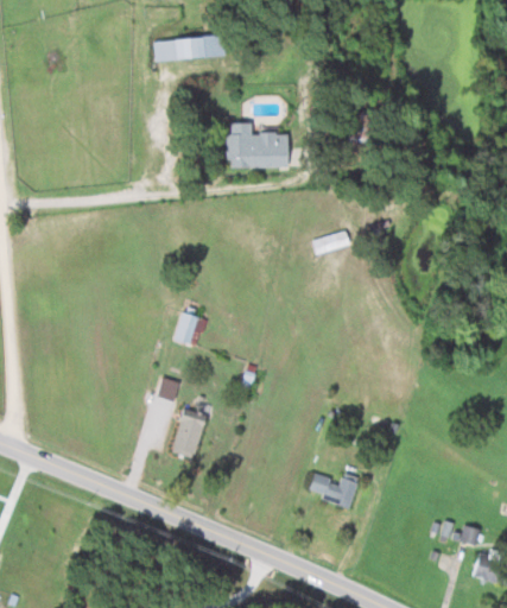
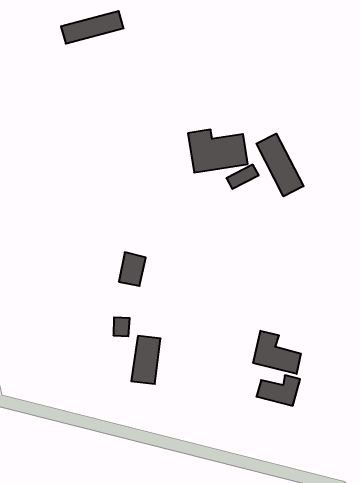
building: [226,122,287,167] -> [188,130,248,172]
building: none -> [256,134,304,196]
building: none -> [253,331,301,374]

